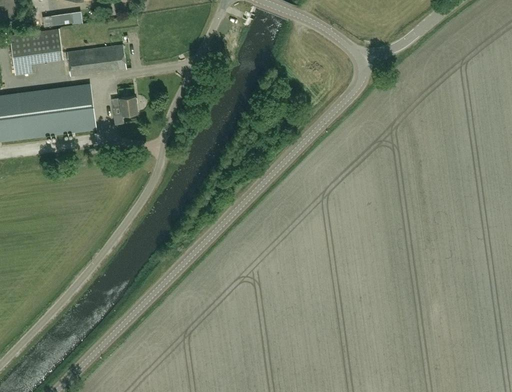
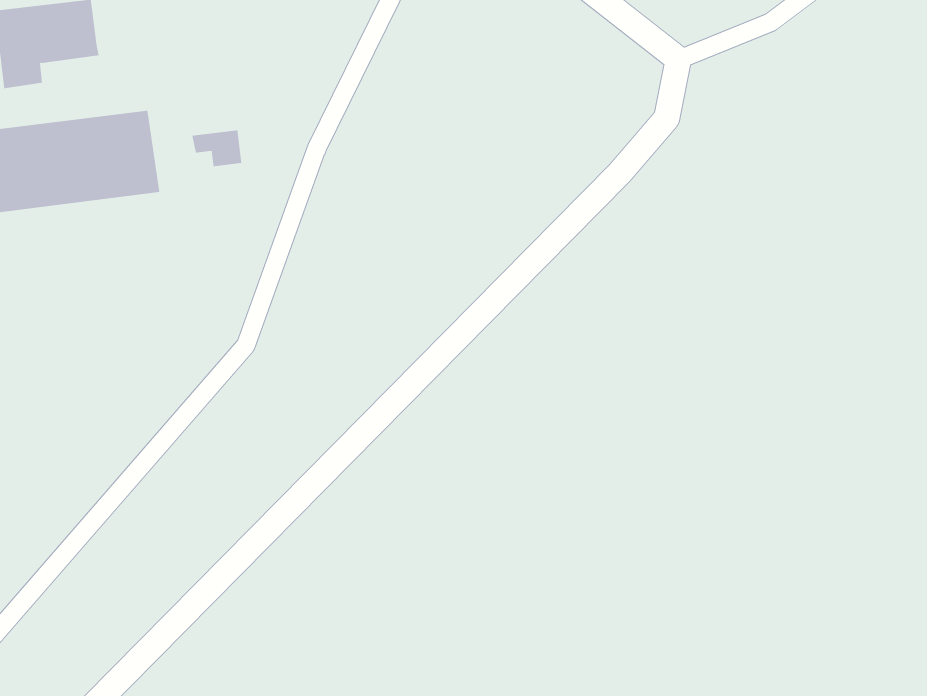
building: [67,45,126,76] -> none

